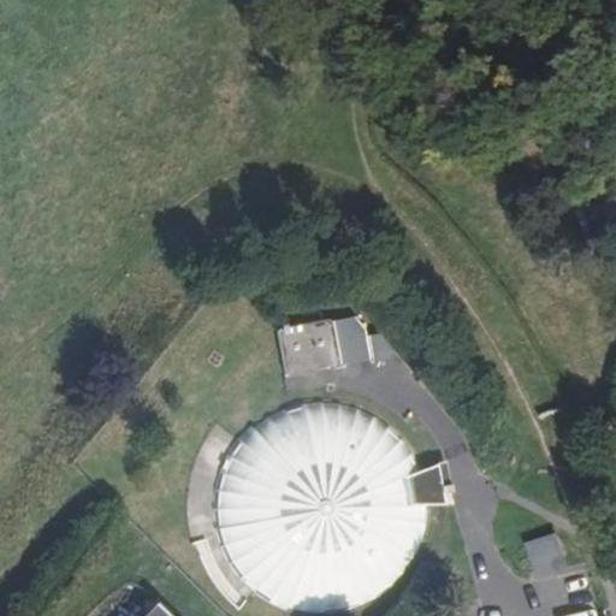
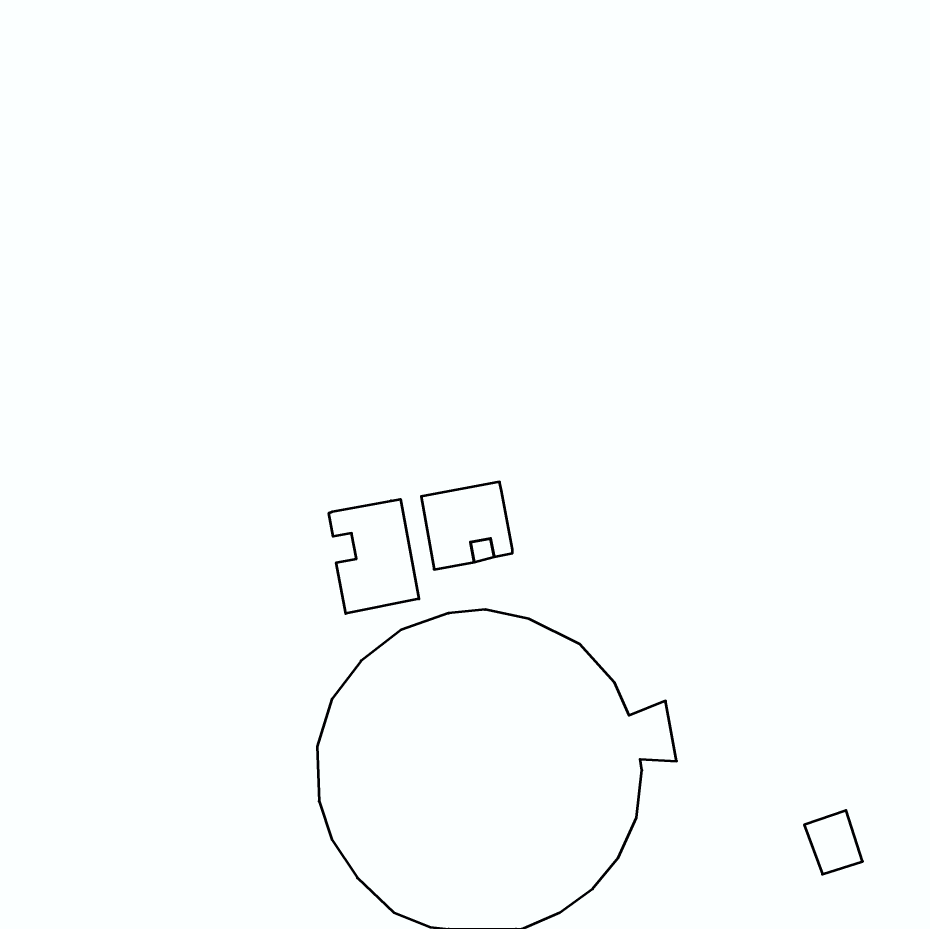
building: [332,319,371,362] -> none
building: none -> [329,499,419,614]

